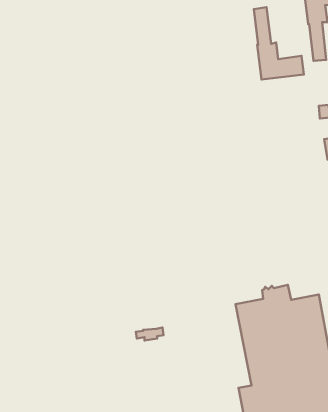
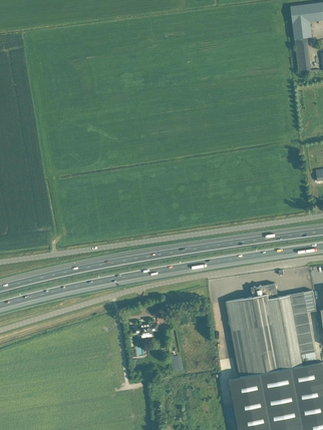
building: [254,7,304,80] -> none

